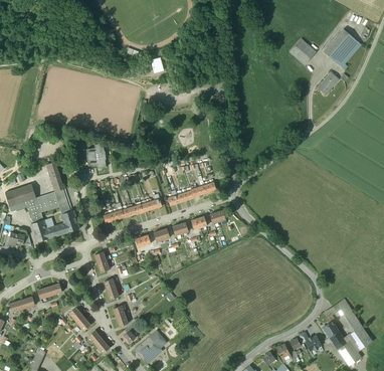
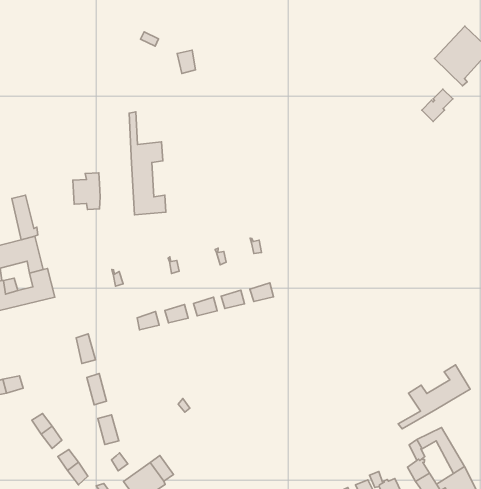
building: [290,39,317,65] -> none
building: none -> [129,112,166,215]
building: none -> [398,365,470,429]

